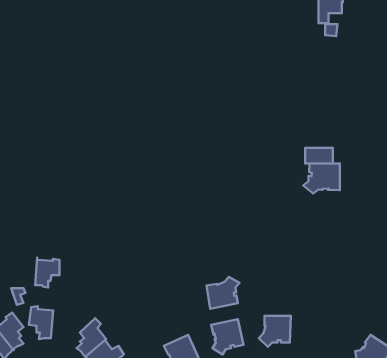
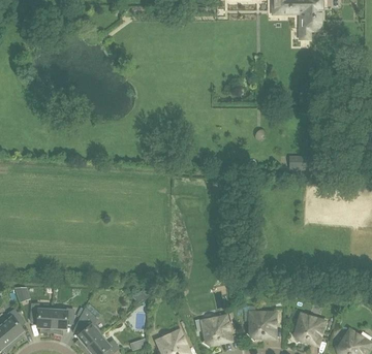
building: [303,163,340,194] -> none
building: [35,258,59,287] -> [50,305,72,333]
building: [207,277,239,309] -> none
building: none -> [289,313,323,343]

